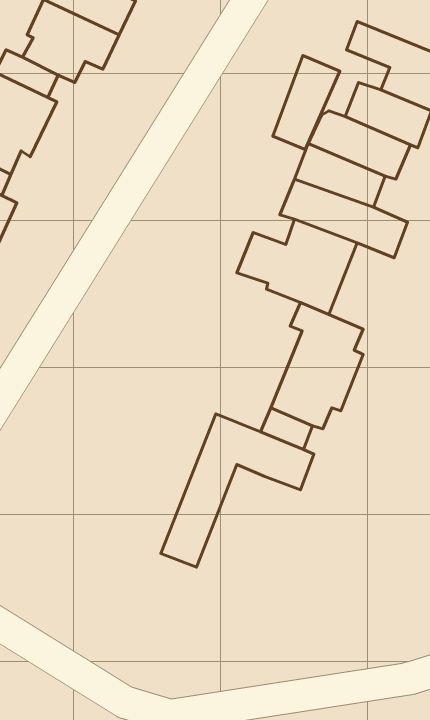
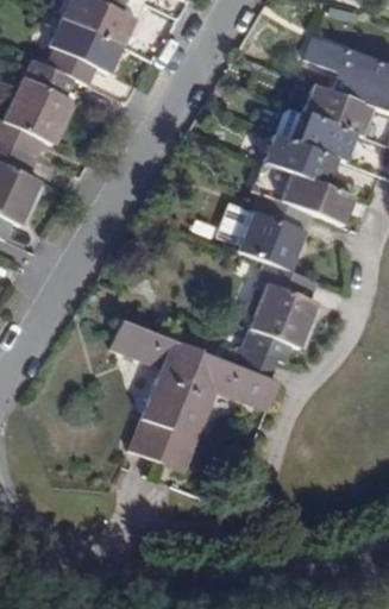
building: [273,55,340,150] -> none
building: none -> [112,319,201,460]

